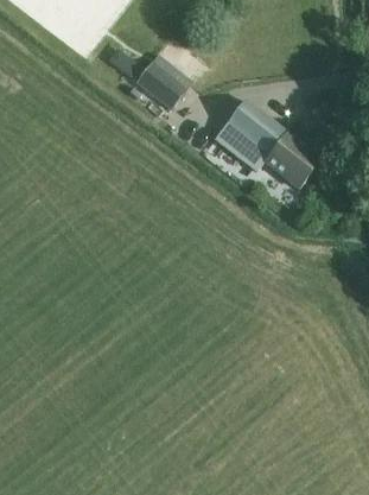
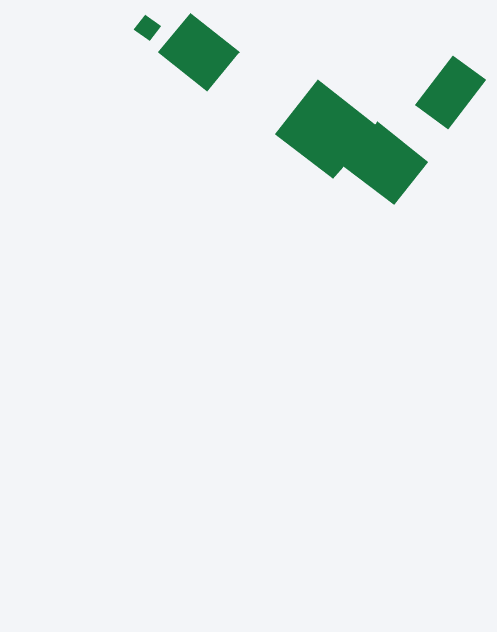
building: none -> [414,54,487,130]

